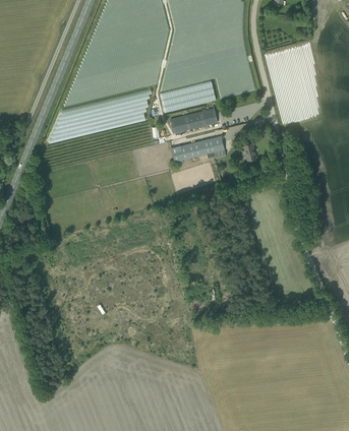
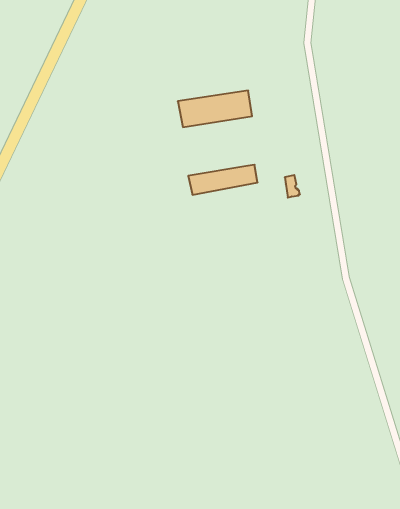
building: [170,109,218,133] -> none

